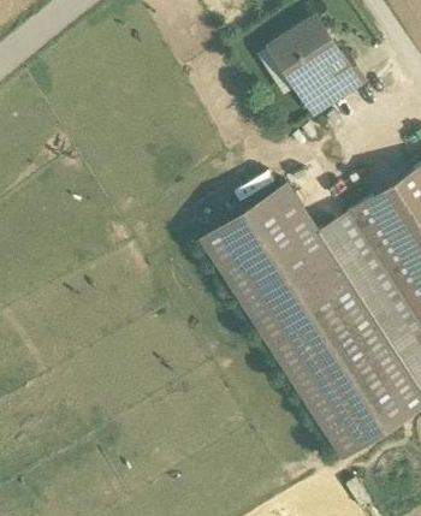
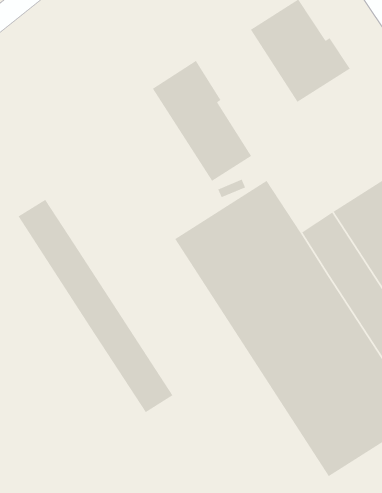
building: none -> [152,60,252,182]
building: none -> [18,199,173,413]

